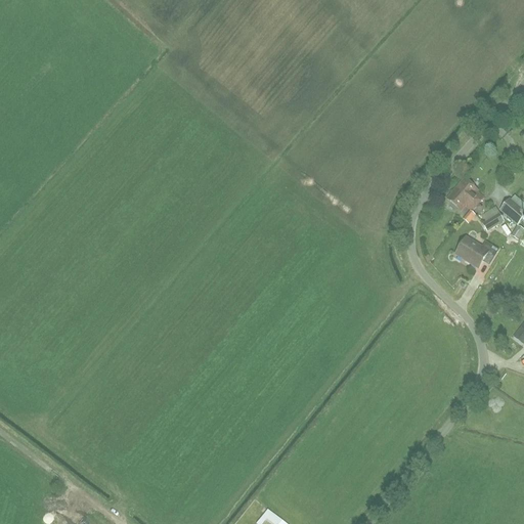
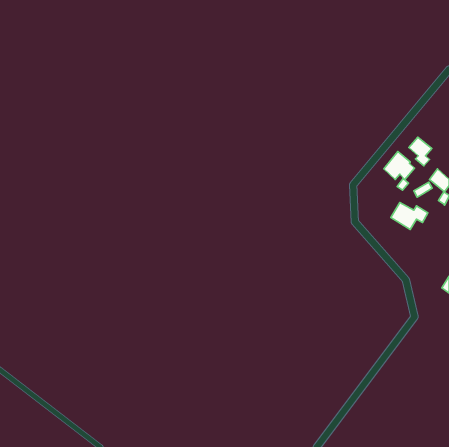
building: none -> [409,137,432,166]

